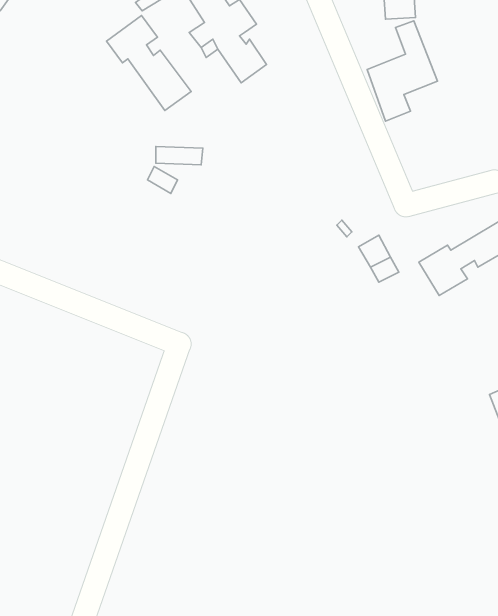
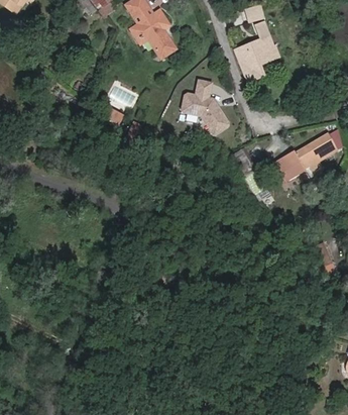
building: [106,16,191,111] -> none
building: none -> [182,79,230,135]

